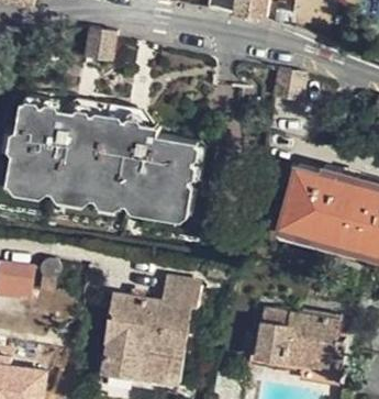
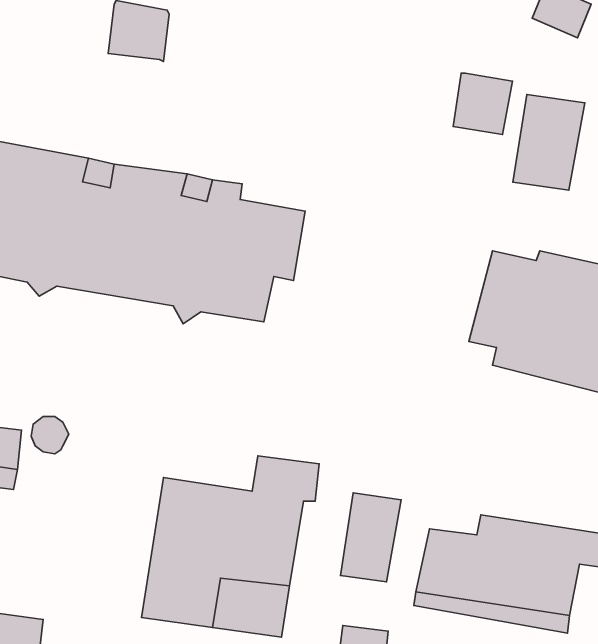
building: none -> [513,94,585,190]
building: none -> [340,493,401,582]

